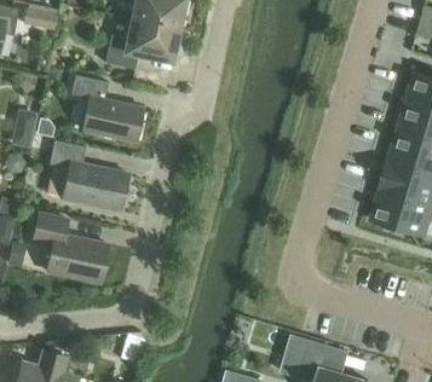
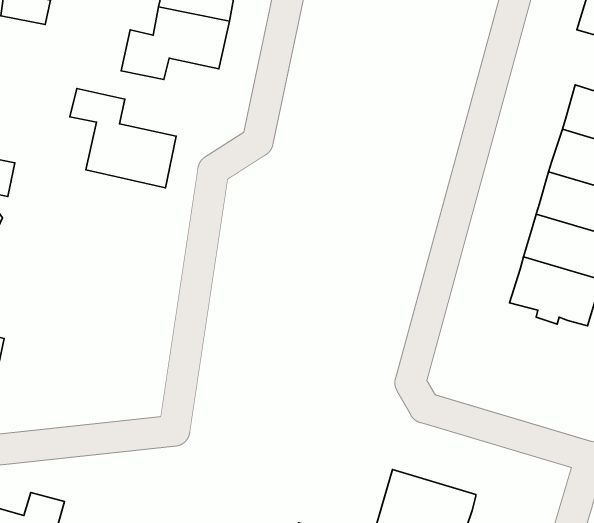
building: [48,140,128,210] -> none
building: [33,214,108,283] -> none

